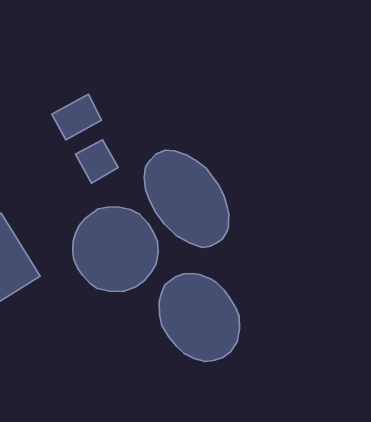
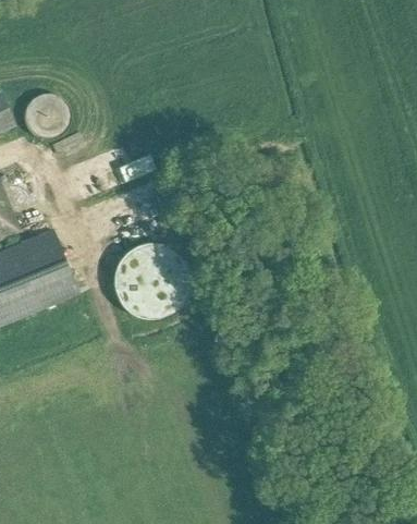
building: [144,150,229,247] -> none
building: [159,274,239,362] -> none

